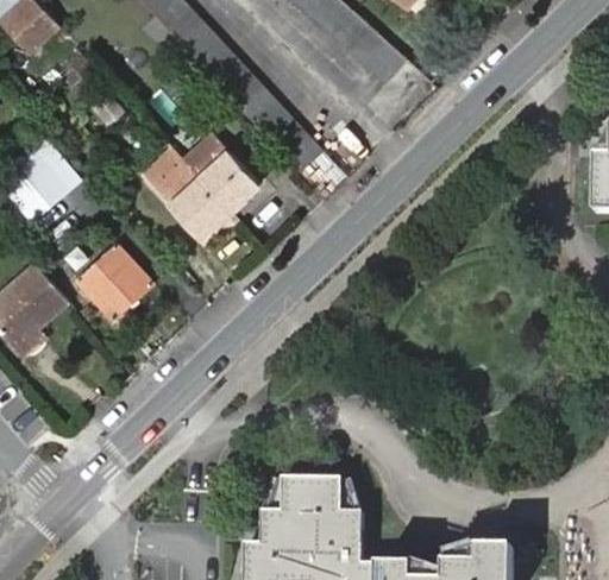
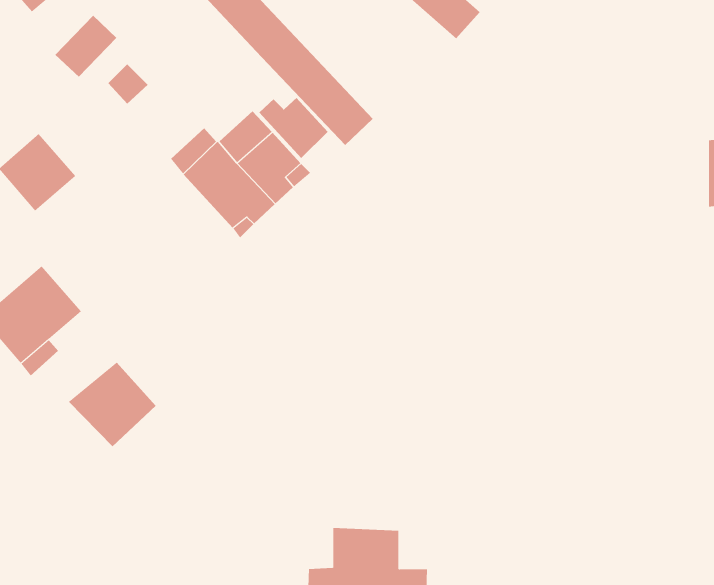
building: none -> [259,97,329,159]
building: [75,245,149,316] -> [68,362,157,447]

